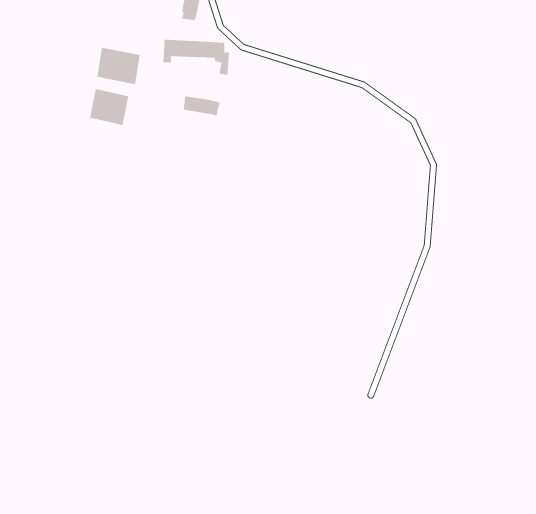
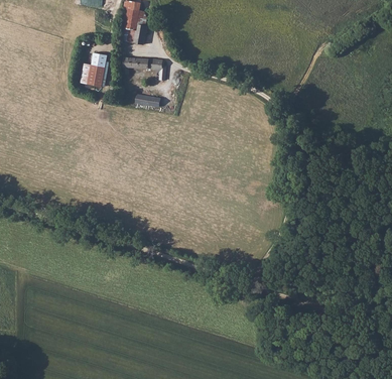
building: [90,88,129,126] -> none

